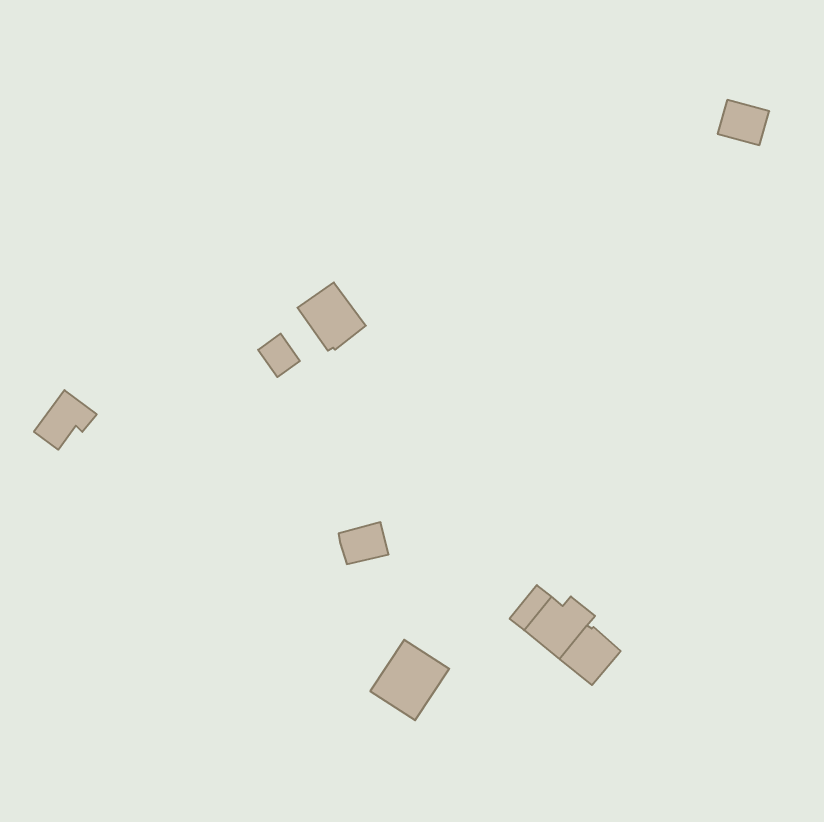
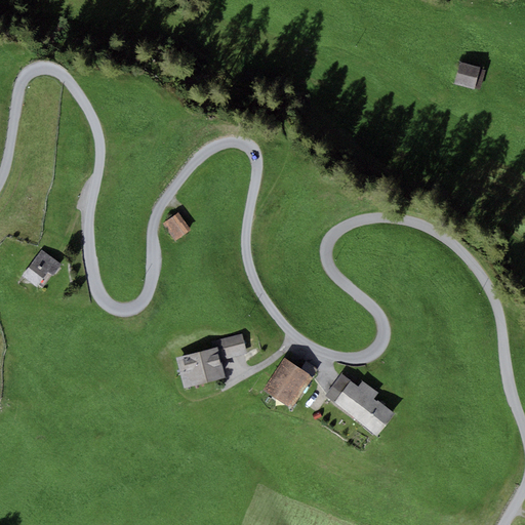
building: [297,282,366,351] -> none
building: none -> [176,346,226,388]
building: [370,640,449,720] -> [262,357,313,408]

